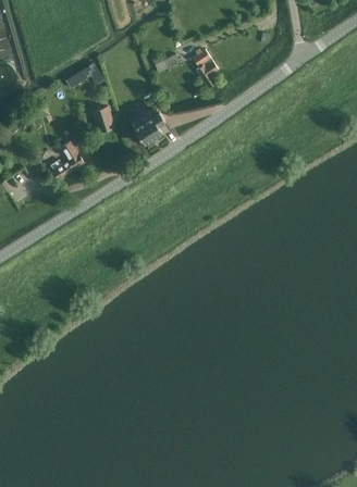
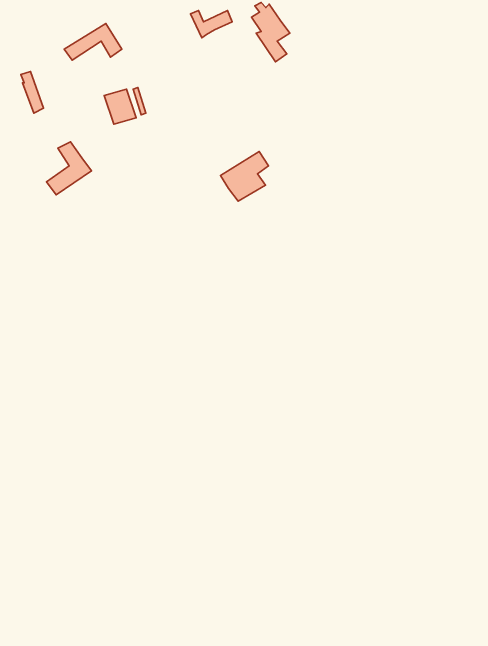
building: [132,109,164,142] -> [221,152,269,201]

